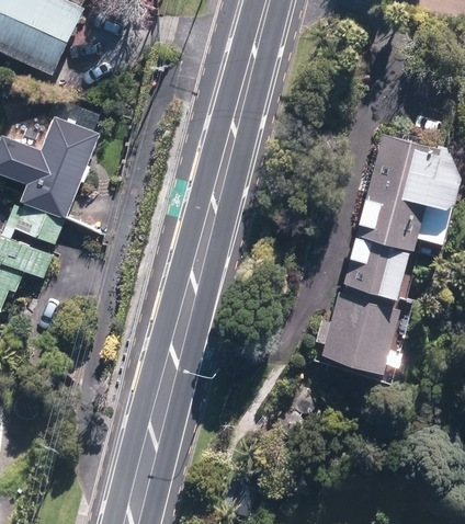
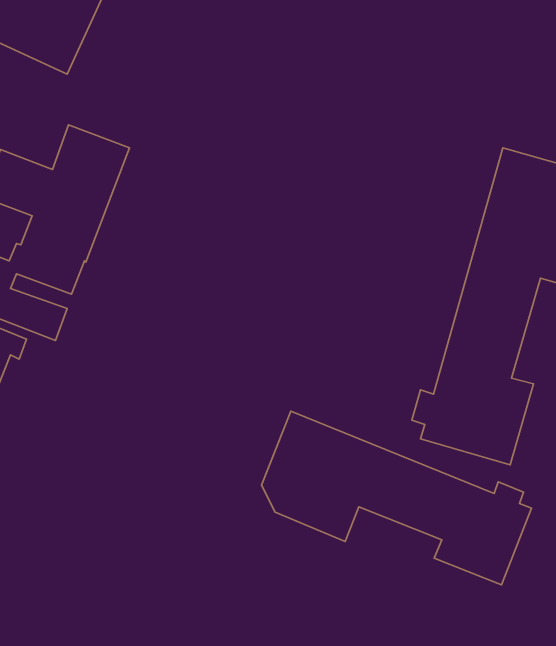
building: none -> [261,411,531,585]

